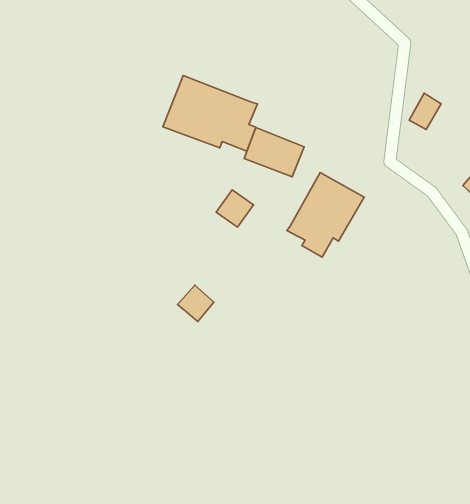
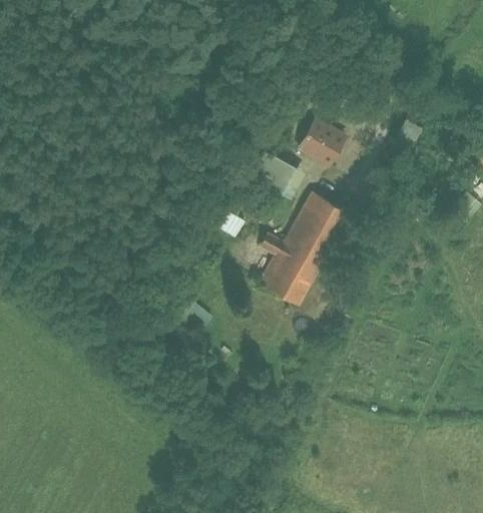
building: [163,75,258,151] -> none
building: none -> [299,118,346,164]
building: none -> [260,233,313,303]

